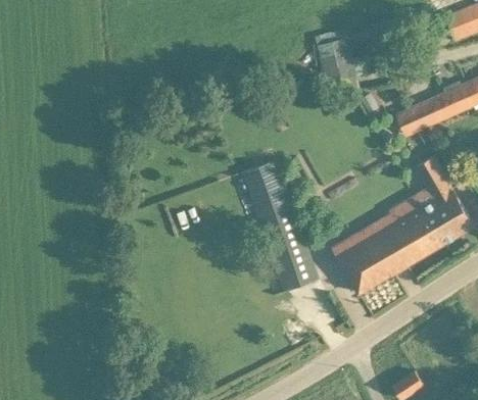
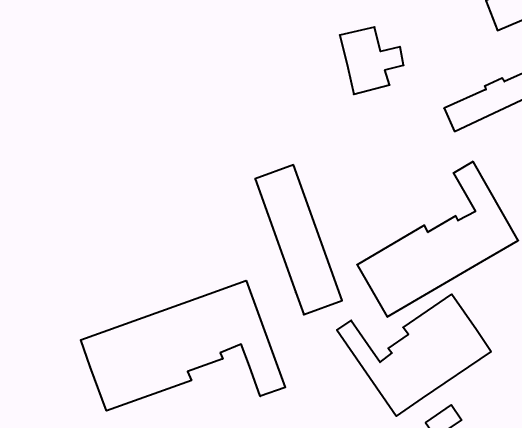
building: none -> [81,281,285,411]
building: none -> [337,294,491,416]

